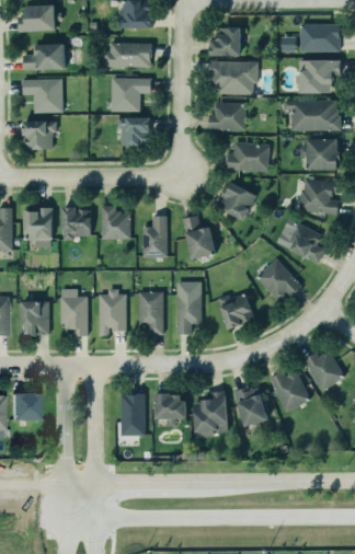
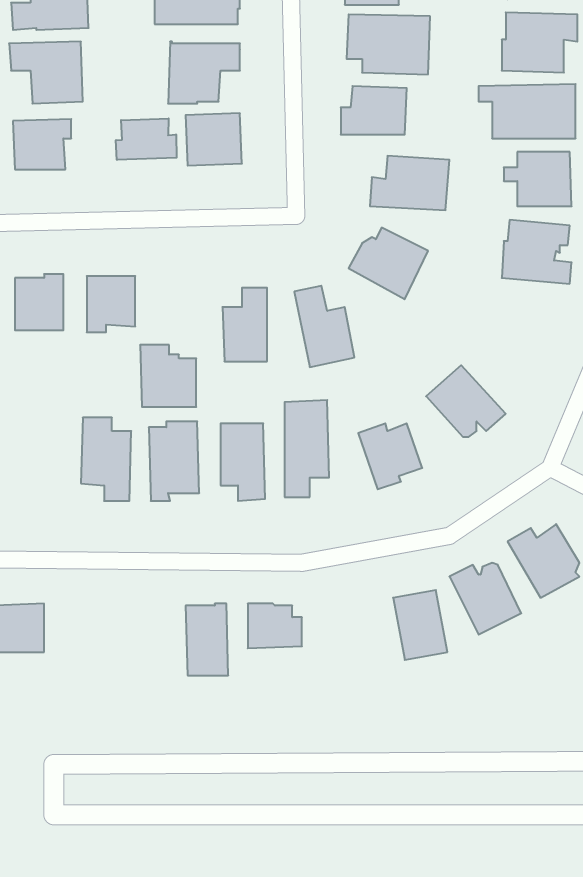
building: none -> [116,118,177,160]
building: [99,205,130,240] -> [140,345,196,407]
building: [277,219,325,264] -> none
building: [20,301,48,336] -> none
building: [192,391,227,438] -> none

